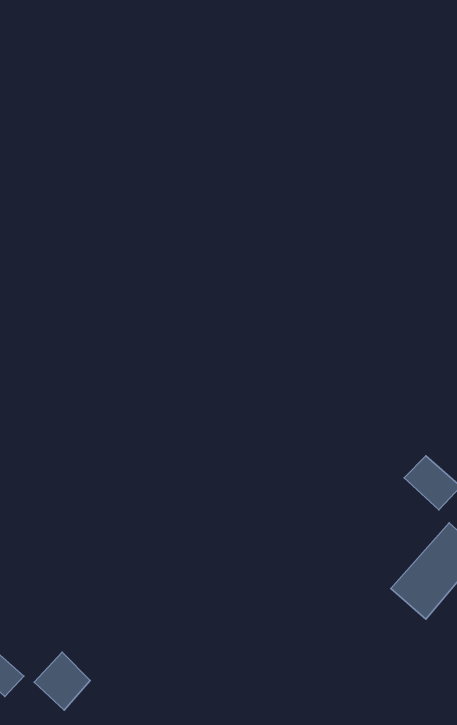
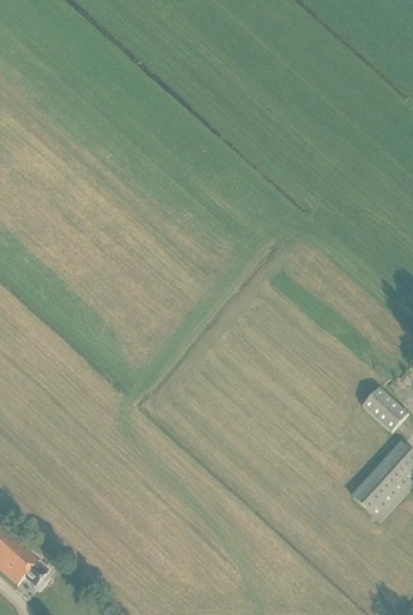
building: [34,652,90,710] -> none

